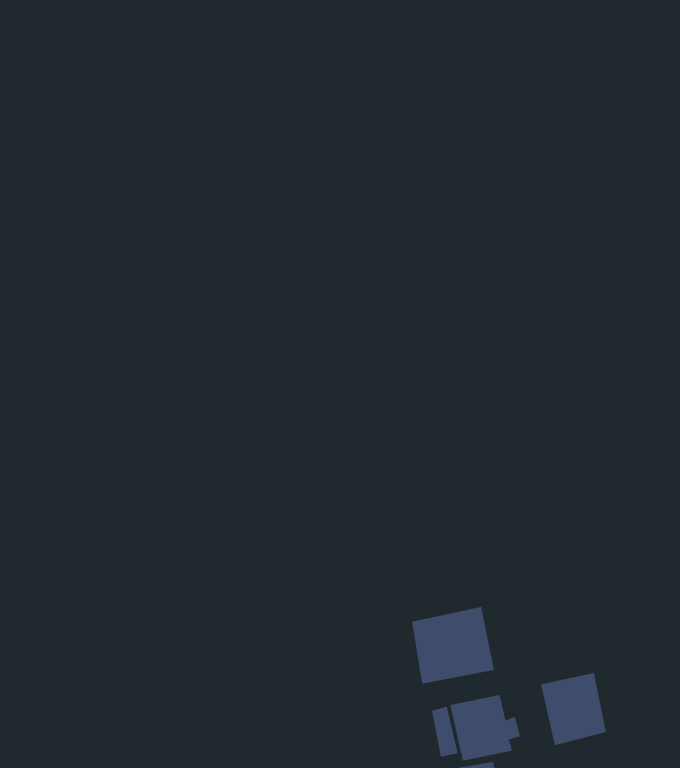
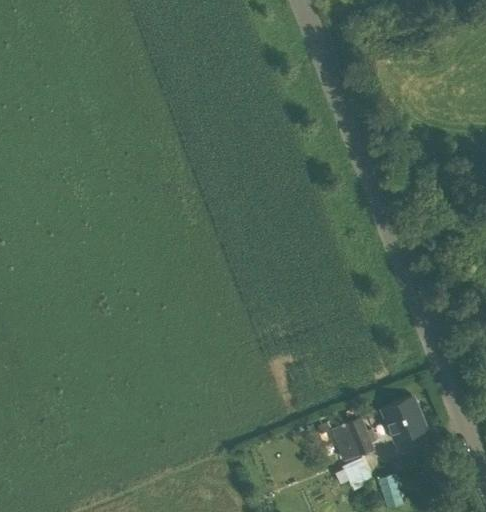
building: [411,606,495,685] -> none

